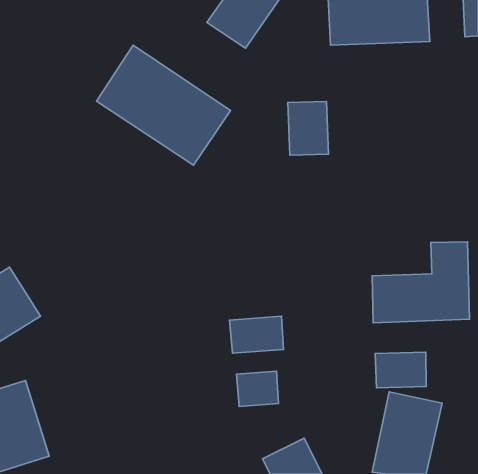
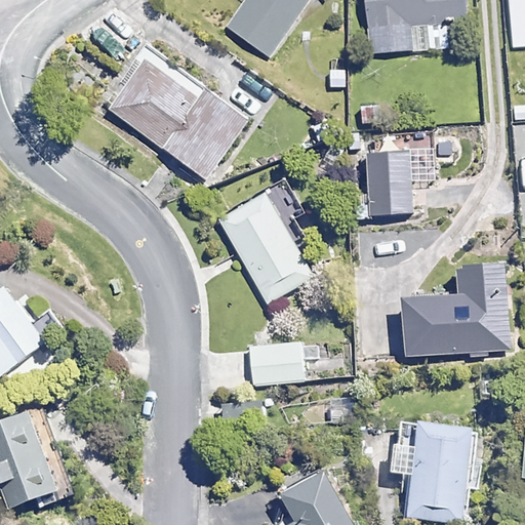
building: [288,101,328,155] -> [366,150,410,208]
building: none -> [219,194,309,298]
building: [375,352,426,388] -> none
building: [236,371,278,406] -> none

